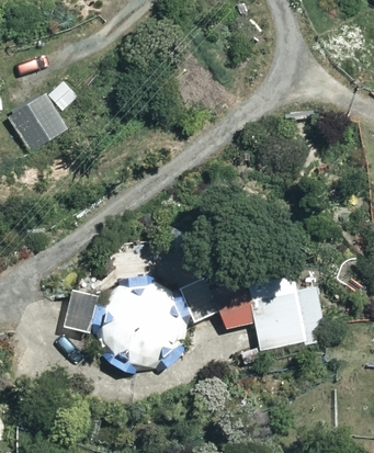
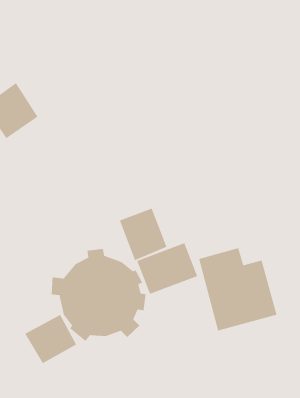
building: none -> [119,208,167,261]
building: none -> [24,314,77,364]

